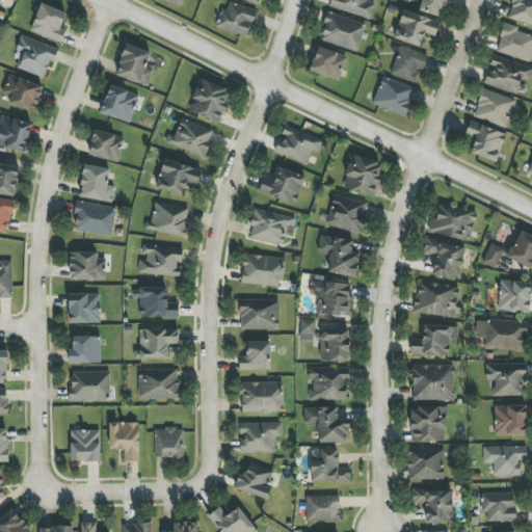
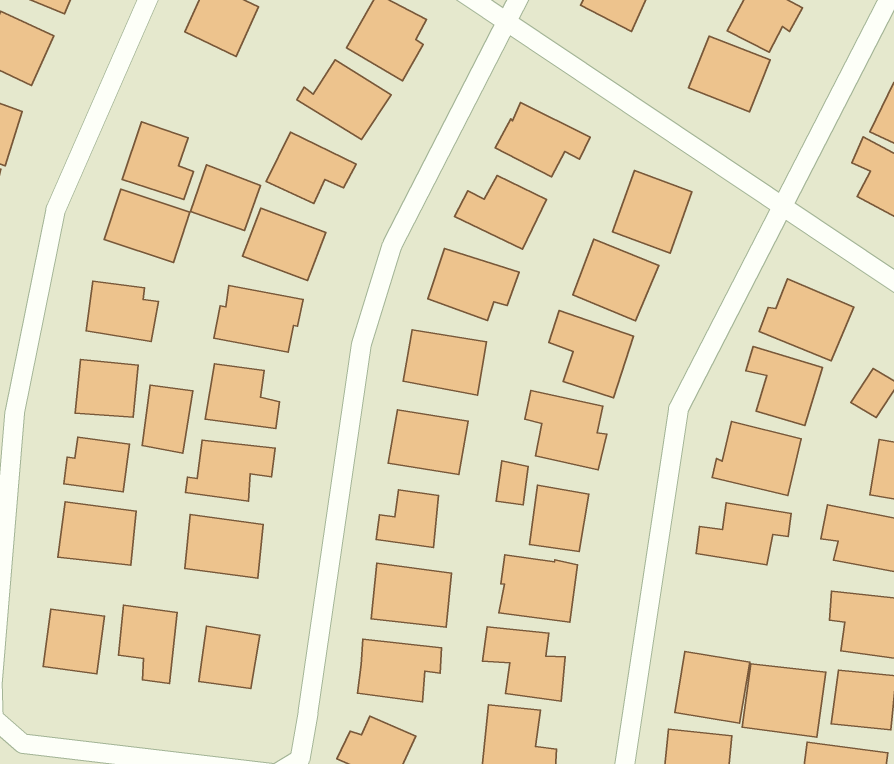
building: [88,129,124,161] -> [191,165,260,230]
building: none -> [142,385,193,453]
building: [413,364,453,399] -> [742,664,826,737]

